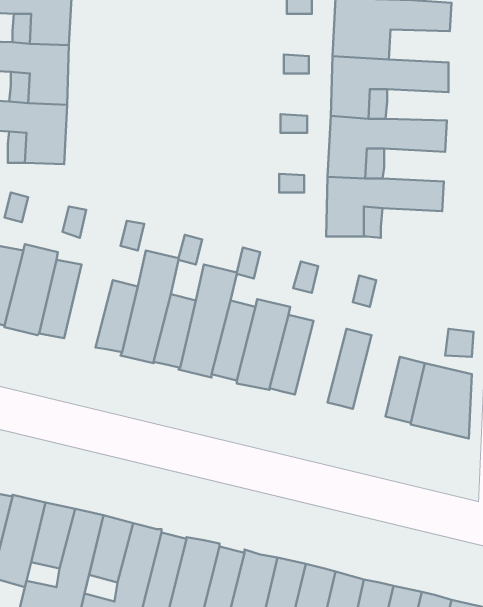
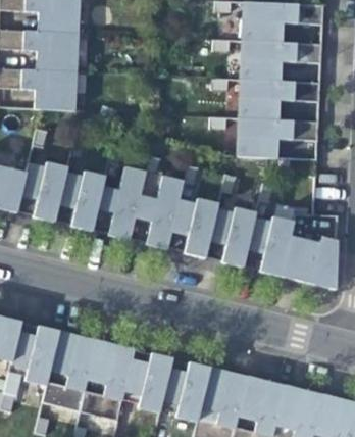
building: none -> [70,172,105,231]
building: none -> [221,207,256,266]
building: none -> [259,216,293,276]

